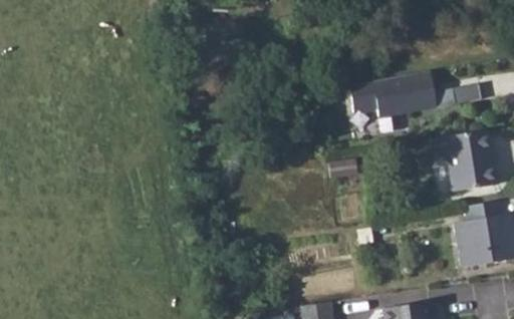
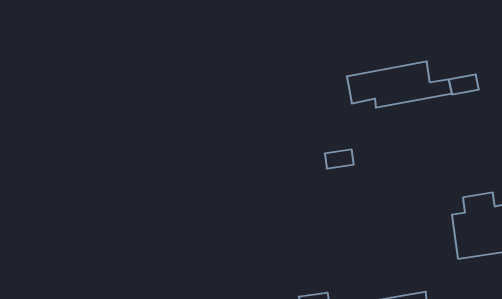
building: [428,129,494,191] -> none

